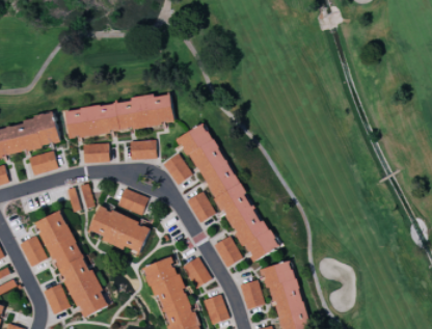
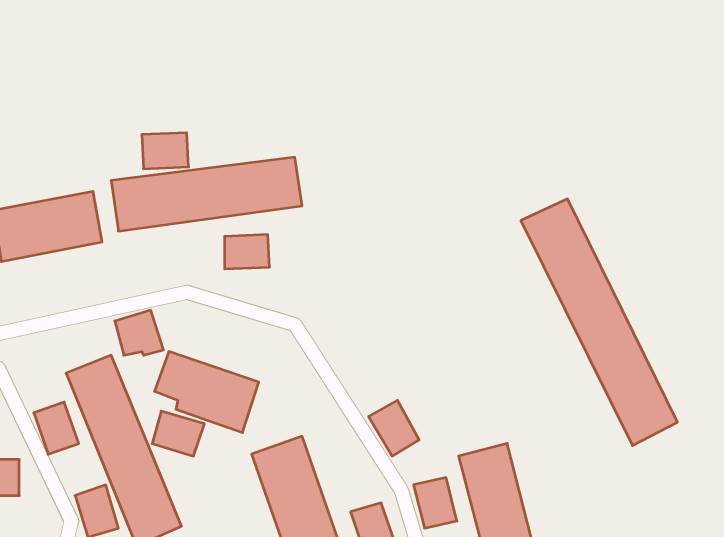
building: [183,121,273,264] -> [521,199,677,446]
building: [82,143,109,164] -> [142,133,189,169]
building: [28,152,57,174] -> none
building: [163,154,192,185] -> none
building: [117,189,147,215] -> [152,411,204,456]
building: [186,192,215,223] -> none
building: [184,257,211,287] -> none

